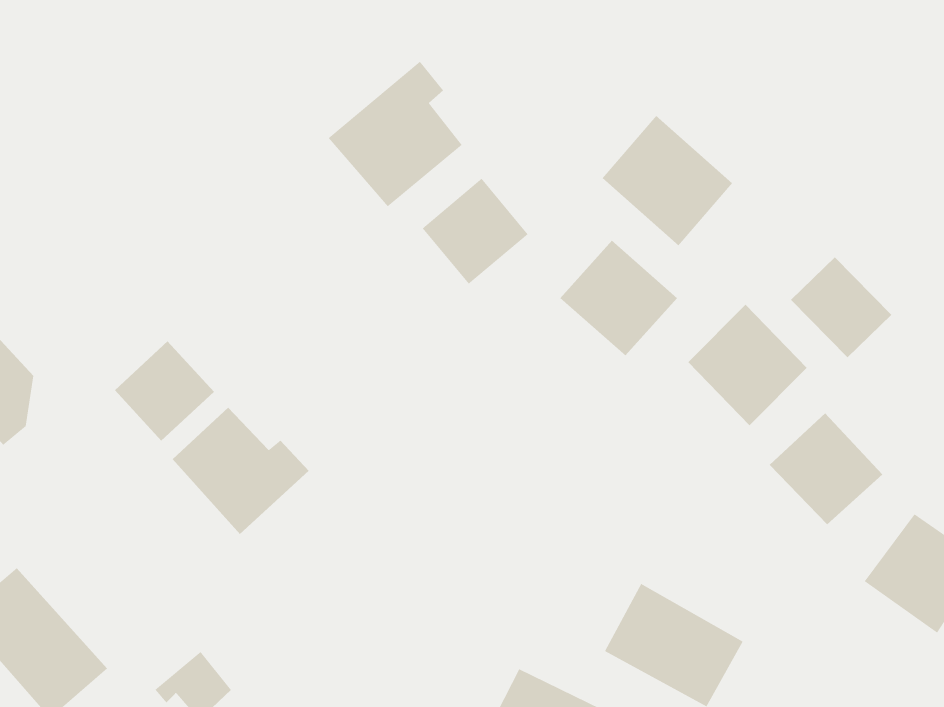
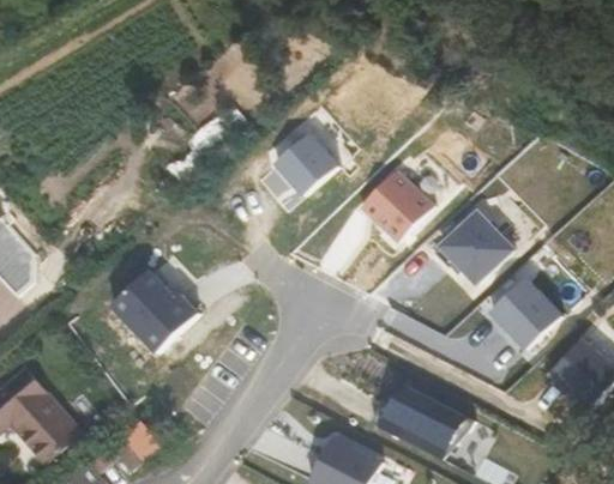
building: [328,61,463,207] -> none
building: [602,115,733,246] -> none
building: [790,257,892,358] -> none
building: [114,340,215,442] -> none

